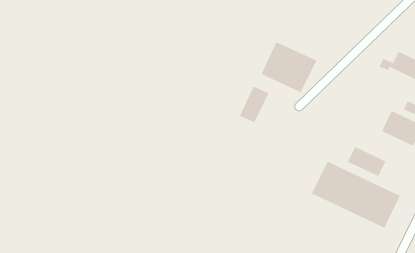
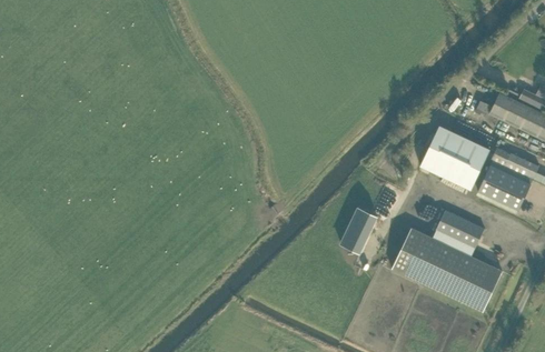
building: [261,41,317,93] -> [419,125,489,190]
building: [239,86,269,123] -> [339,207,377,253]

